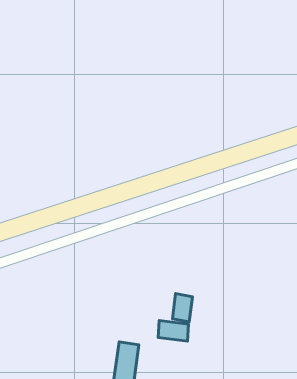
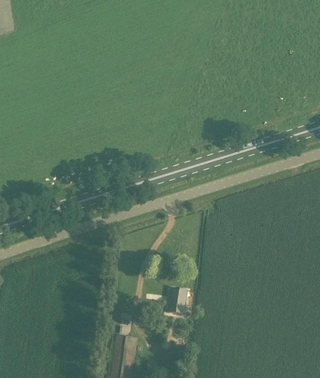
building: [158,320,188,341] -> none

